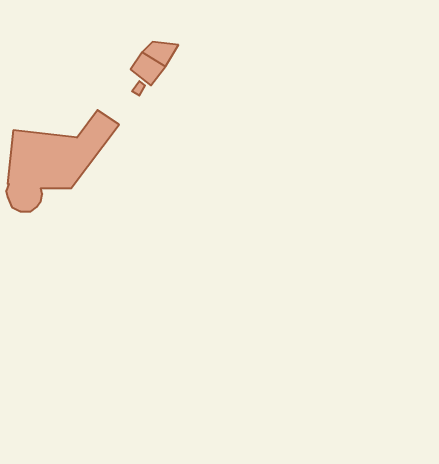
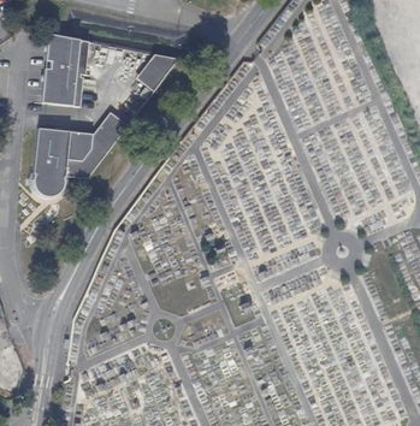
building: none -> [45,34,89,105]

